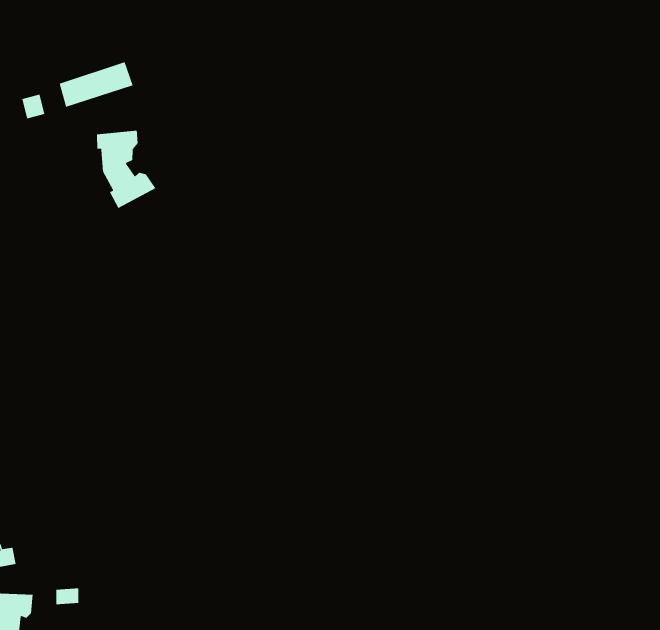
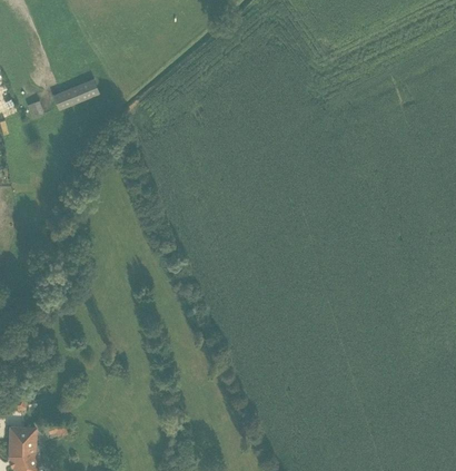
building: [96,130,156,209] -> none

